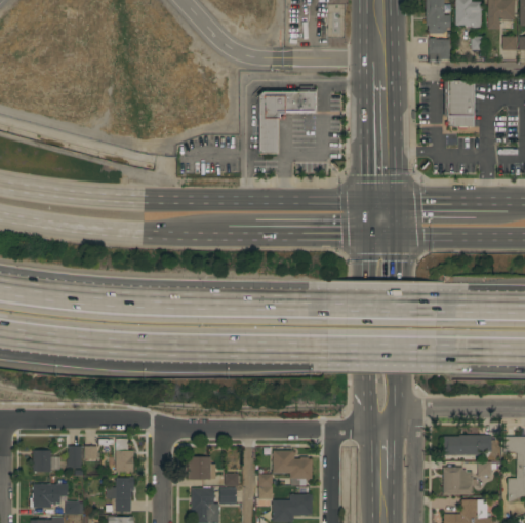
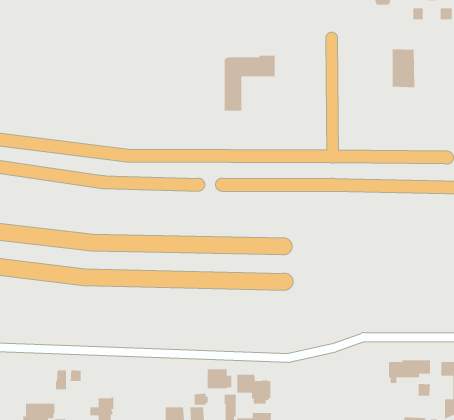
building: [429,38,450,62] -> none
building: [116,439,134,472] -> none
building: [33,451,51,472] -> none
building: [188,457,216,480] -> [207,369,232,389]
building: [443,468,473,495] -> none

